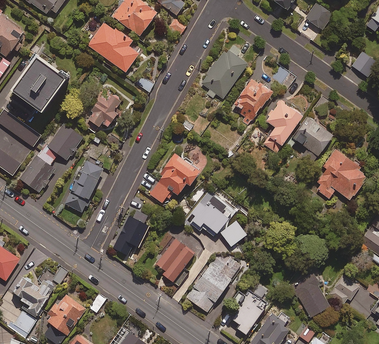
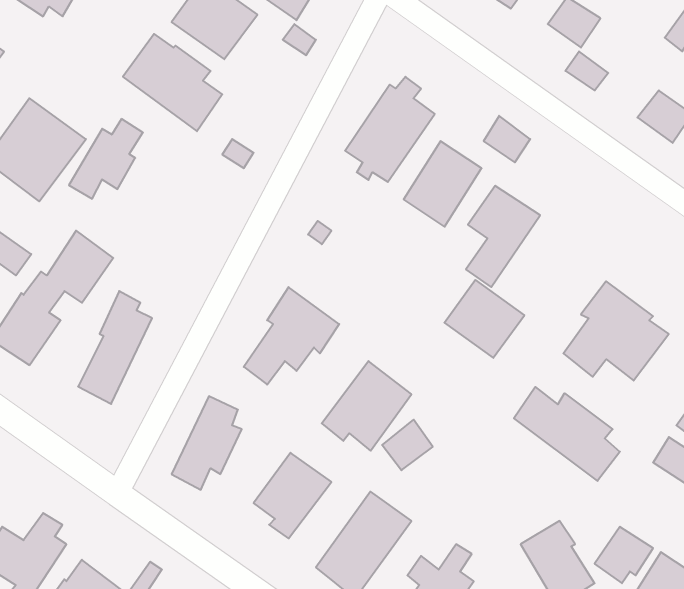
building: [83,91,121,132] -> [69,119,143,199]
building: [292,115,333,155] -> [444,280,524,358]
building: none -> [514,387,620,481]

